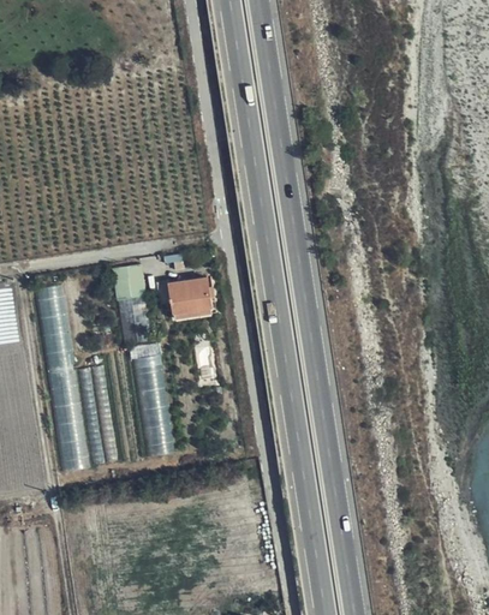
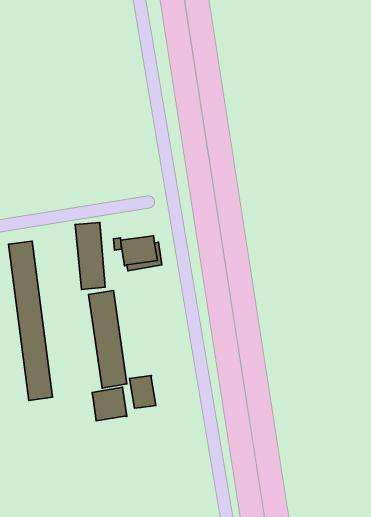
building: none -> [130,376,156,408]
building: none -> [92,387,127,421]

